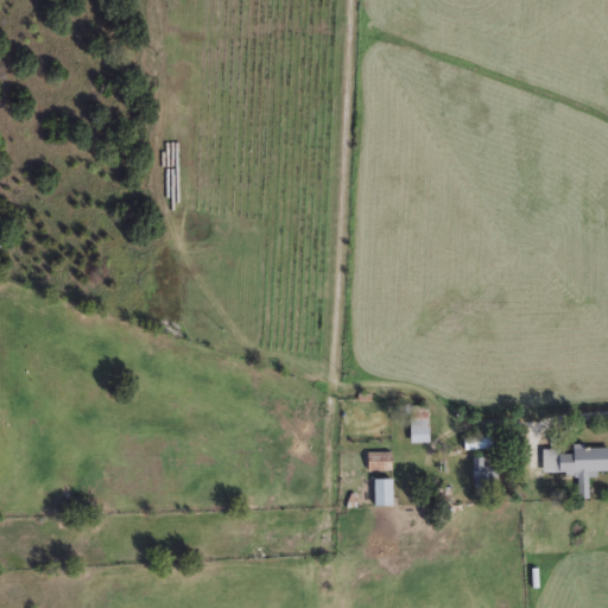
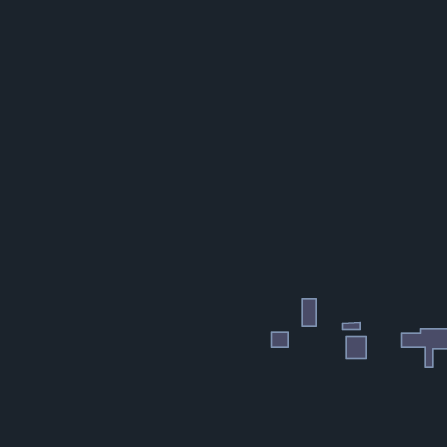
building: [374,477,393,506] -> none

